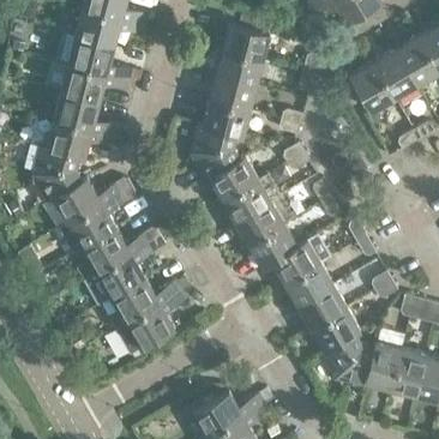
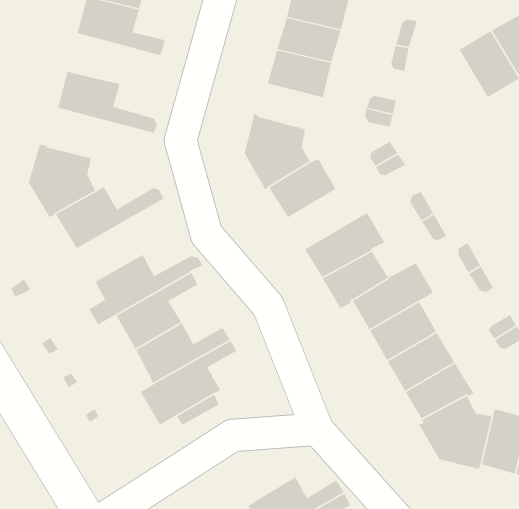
building: [60,65,130,102] -> none
building: [202,102,249,138] -> none
building: [46,120,125,160] -> none
building: [223,175,282,224] -> none
building: [67,187,136,248] -> none

